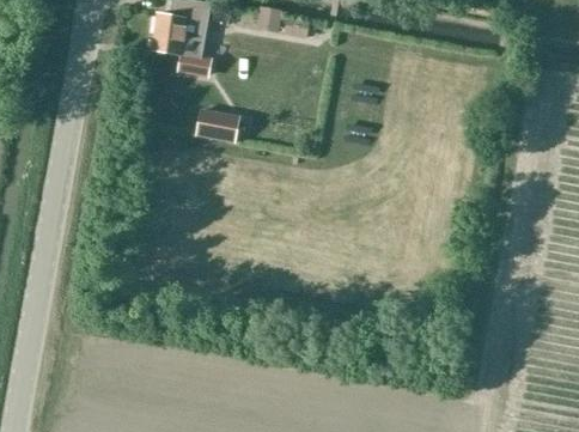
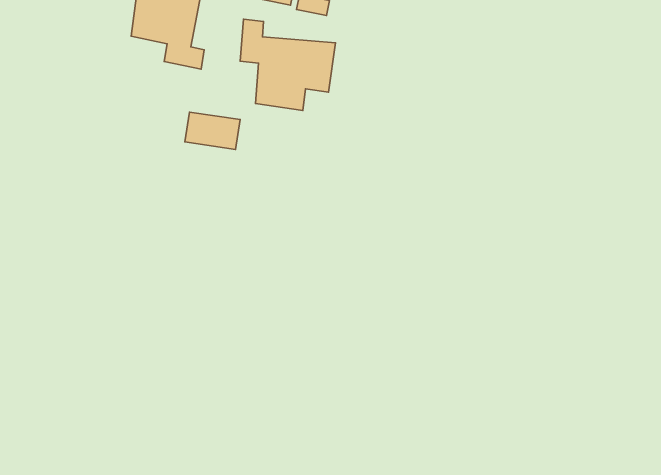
building: none -> [240,19,335,110]

